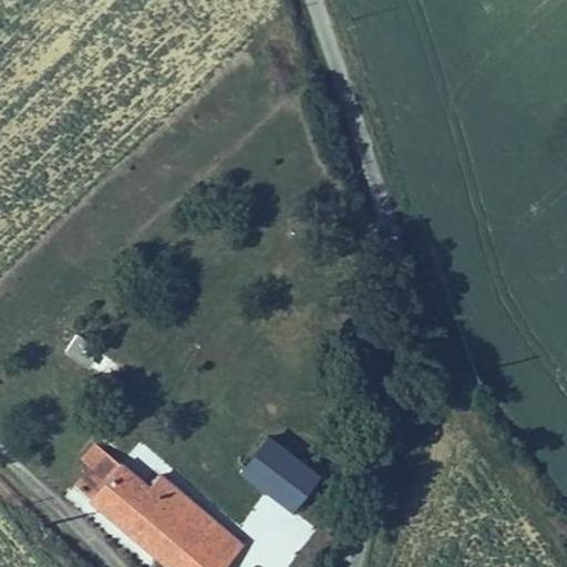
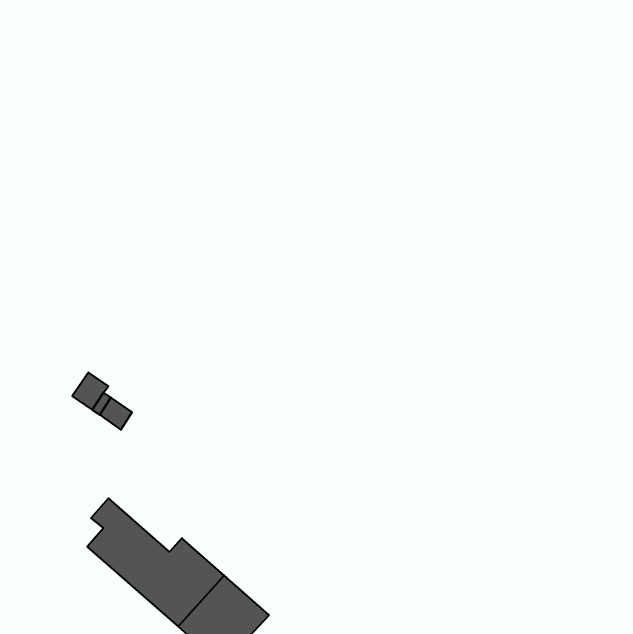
building: [239,436,319,514] -> none

